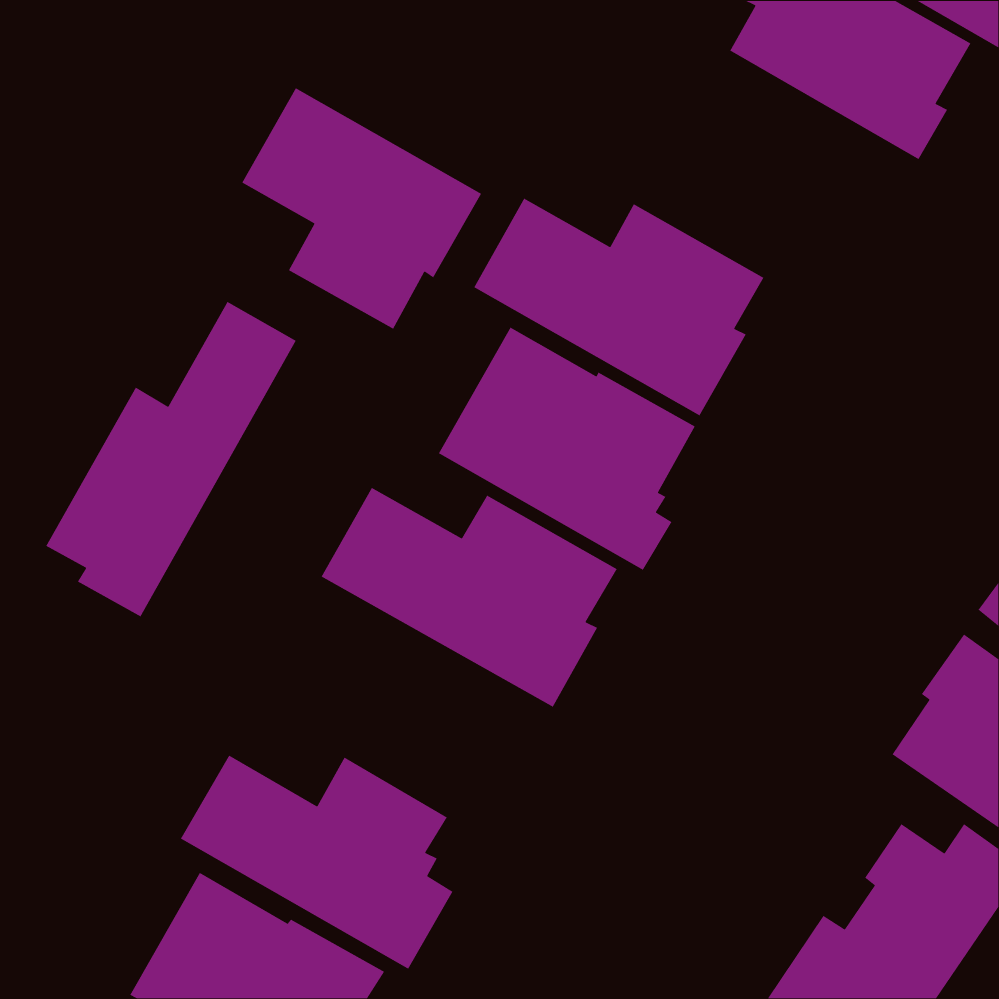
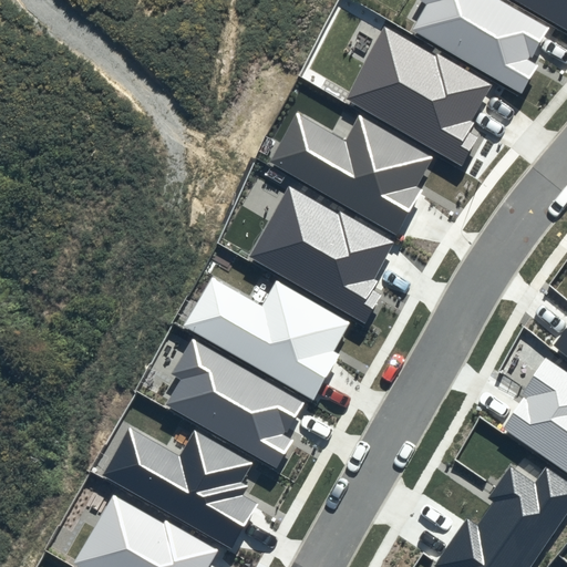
building: none -> [346,23,491,163]
building: [241,87,482,330] -> none
building: [45,301,297,618] -> none
building: none -> [165,337,306,468]

